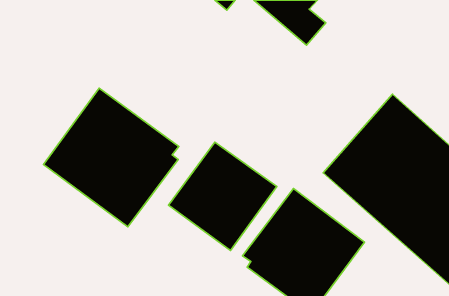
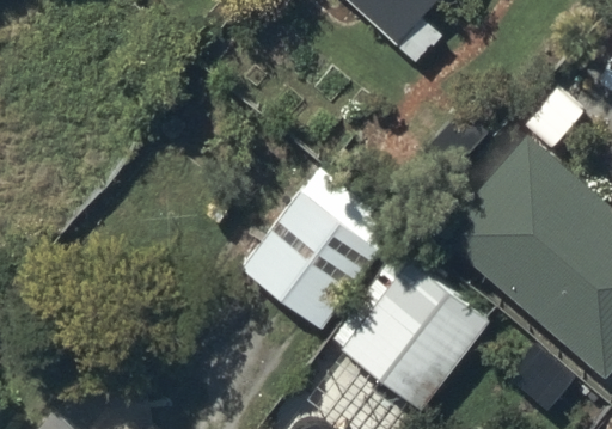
building: [44,88,179,227] -> none

